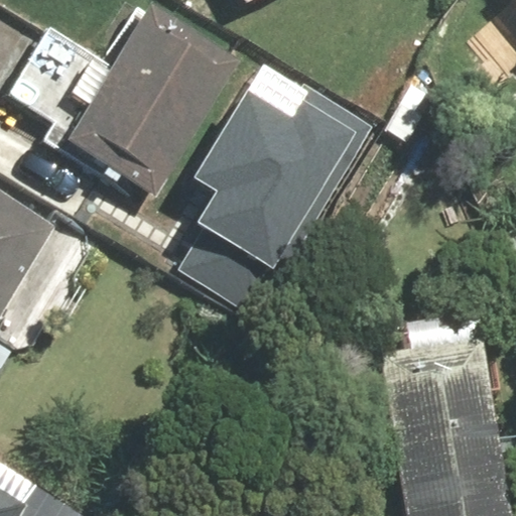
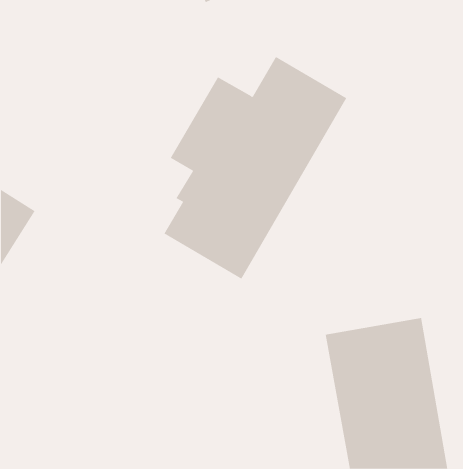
building: [59,4,238,200] -> none

